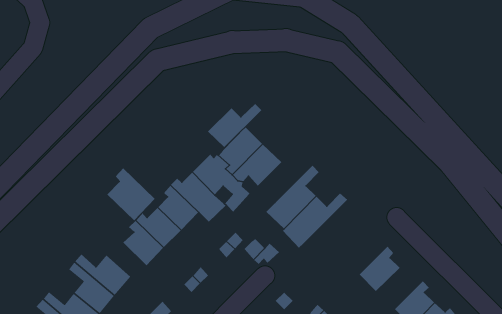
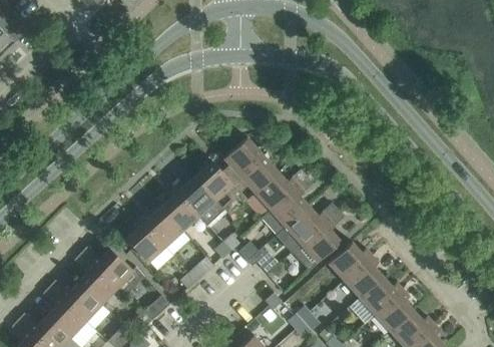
building: [207,103,262,148] -> [256,168,308,209]
building: [106,167,156,221] -> none
building: none -> [293,210,345,270]
building: none -> [329,241,373,280]
building: none -> [360,276,404,314]

